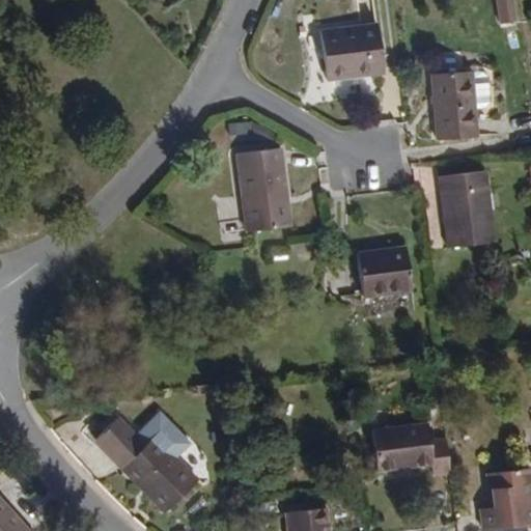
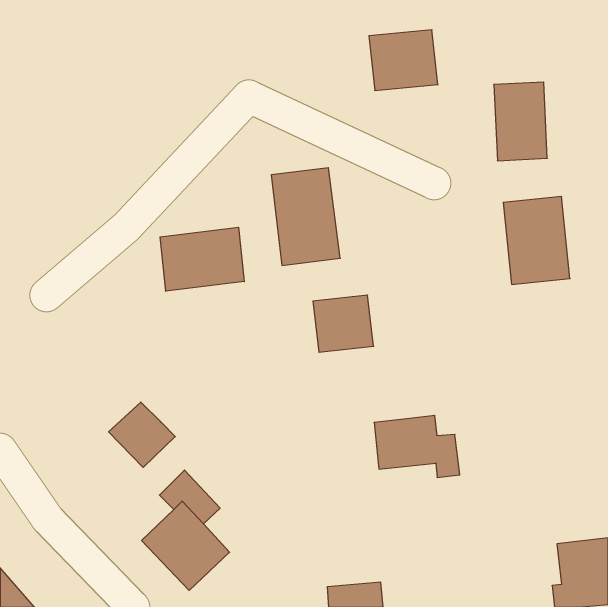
building: none -> [160,227,244,291]
building: [360,245,413,295] -> [313,295,374,352]
building: [93,414,151,471] -> [109,402,175,467]
building: [376,423,451,477] -> [374,415,460,477]

